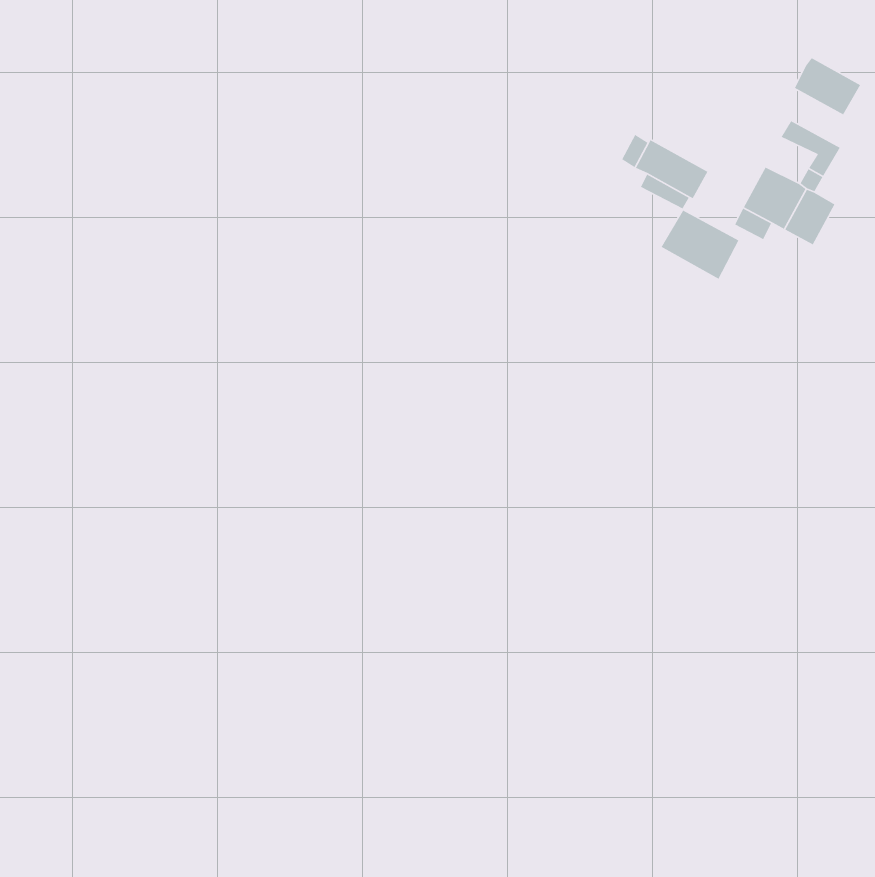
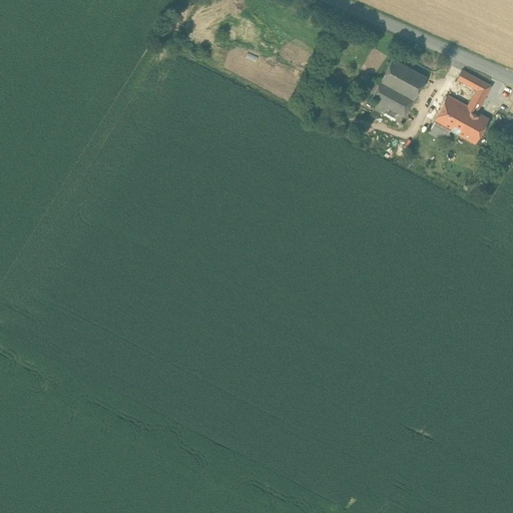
building: [794,57,861,116] -> none
building: [661,209,739,280] -> [381,59,427,100]

